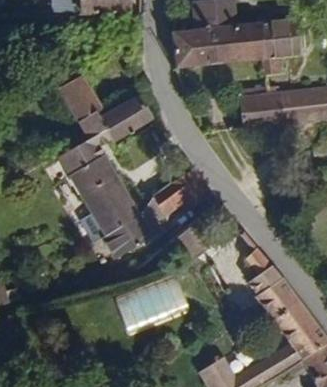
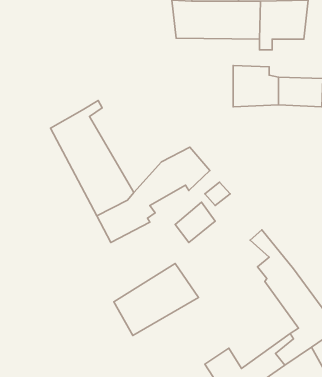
building: [57,66,148,137] -> none

